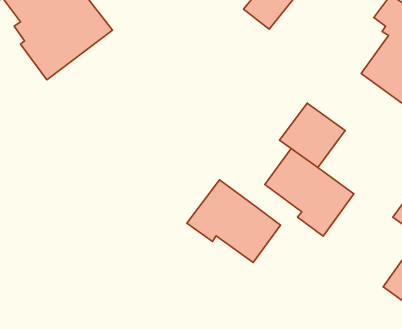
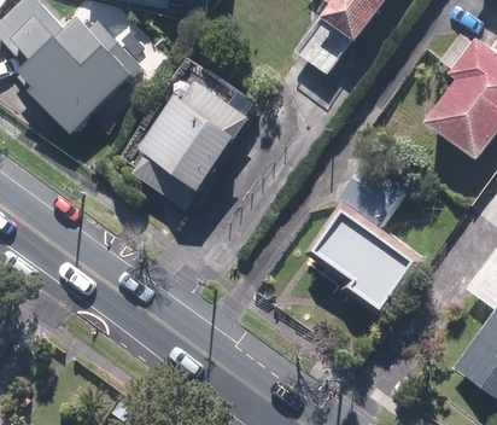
building: none -> [116,66,250,211]
building: [187,180,281,262] -> none

